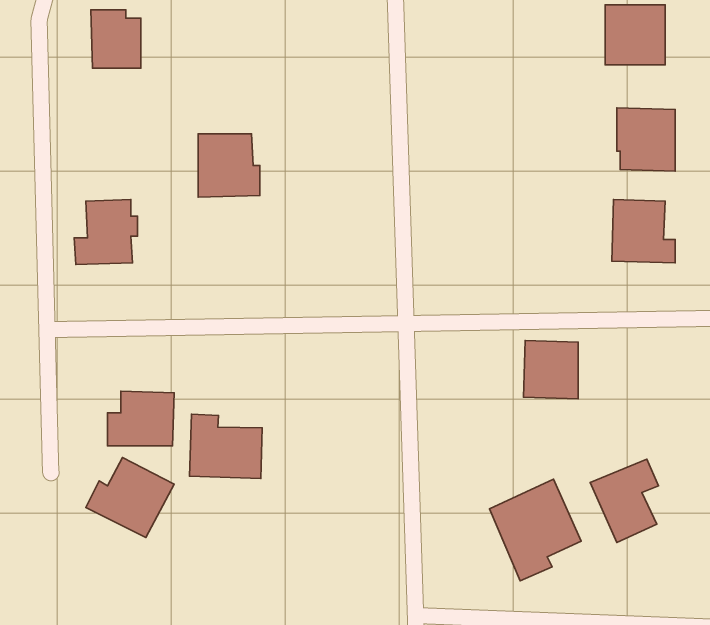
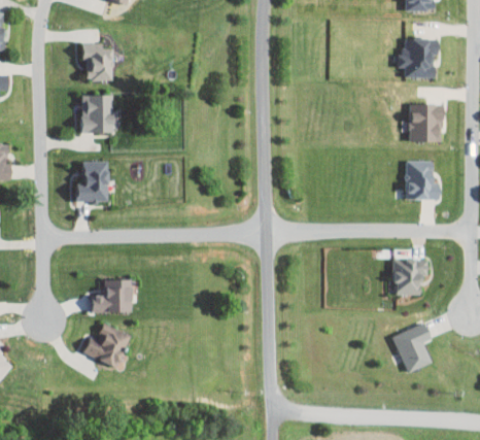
building: [198,134,260,197] -> [78,95,116,134]
building: [523,341,578,399] -> [391,259,425,295]
building: [190,414,262,478] -> none
building: [489,479,581,581] -> none

